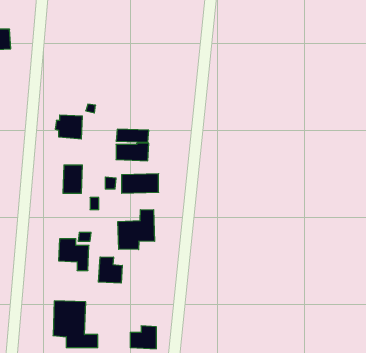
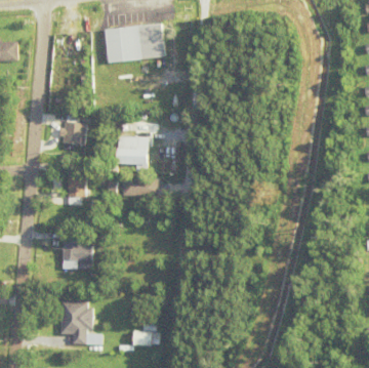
building: none -> [104,25,163,64]
building: [118,210,155,250] -> none
building: [98,257,122,283] -> none

